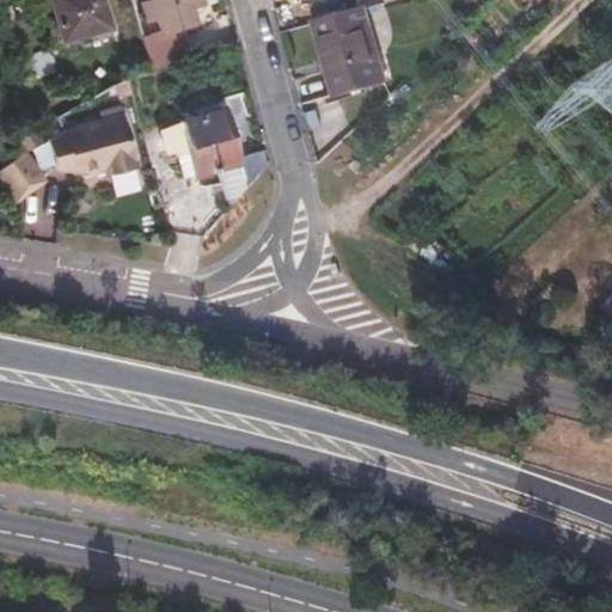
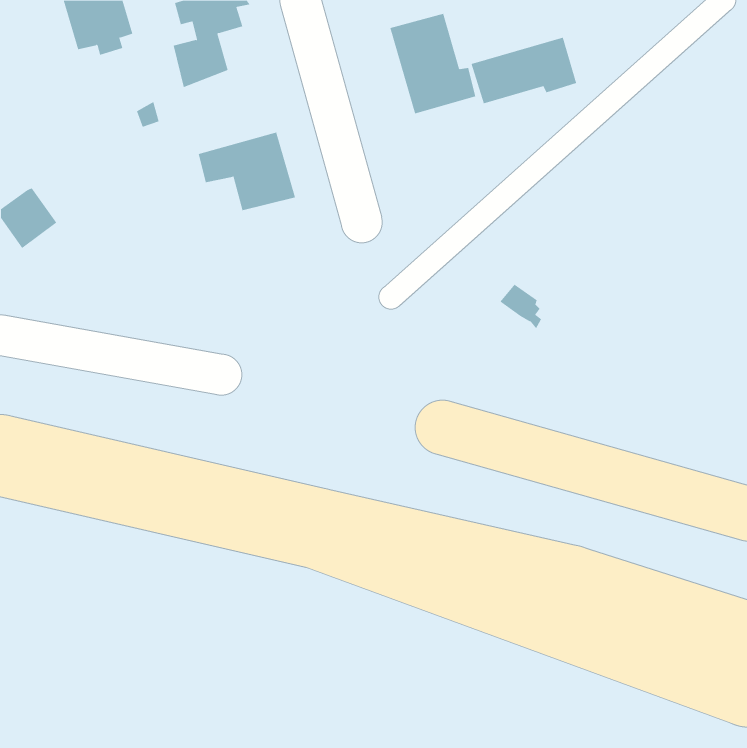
building: none -> [471,37,577,104]
building: [49,112,135,175] -> none

